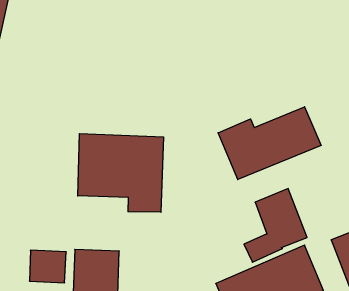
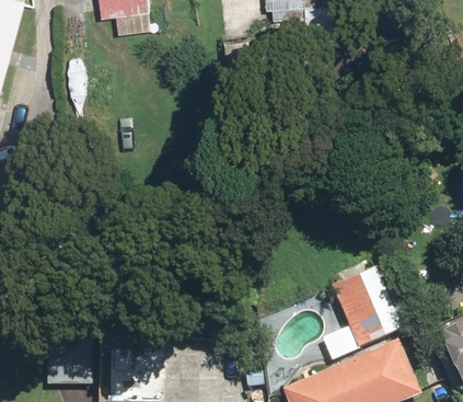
building: [218,107,321,180] -> none
building: [78,134,163,212] -> none

